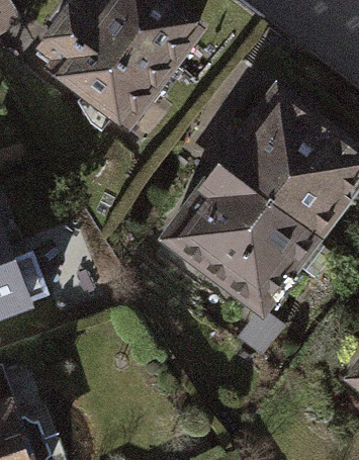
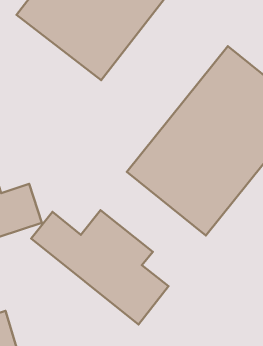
building: none -> [31,210,168,325]

